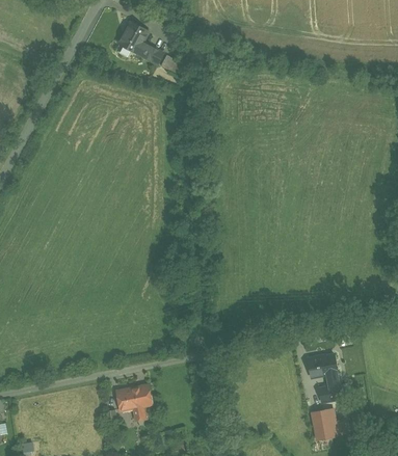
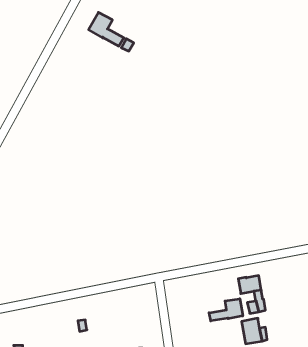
building: none -> [209,299,243,321]
building: [115,385,151,421] -> none

